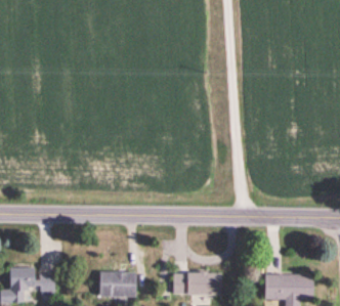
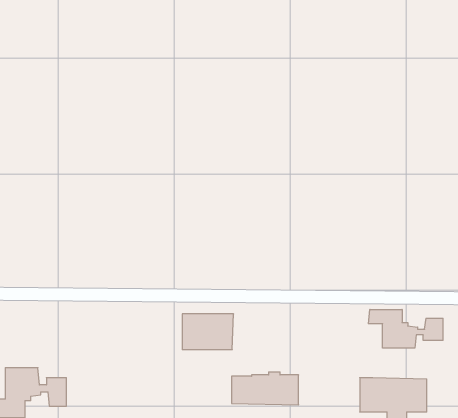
building: none -> [368,309,443,348]
building: [99,271,136,297] -> [182,314,234,350]

